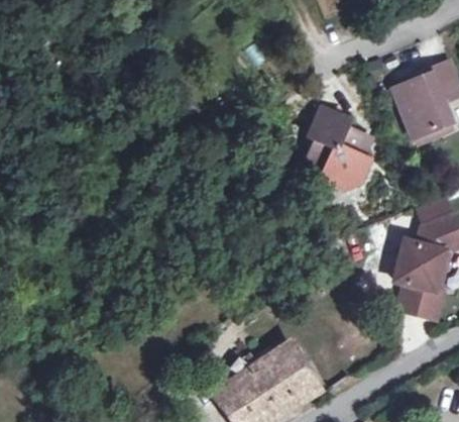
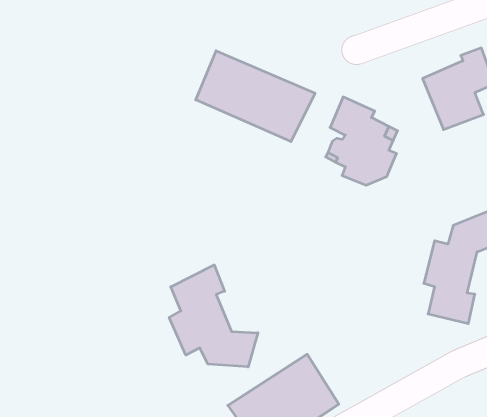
building: none -> [196,51,315,142]
building: none -> [169,265,258,367]

